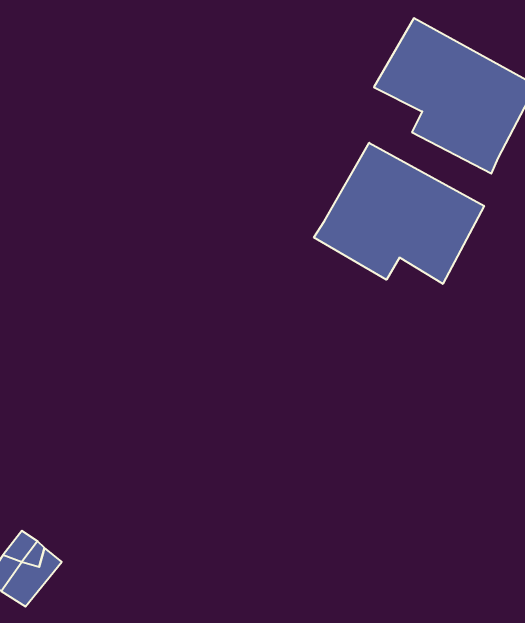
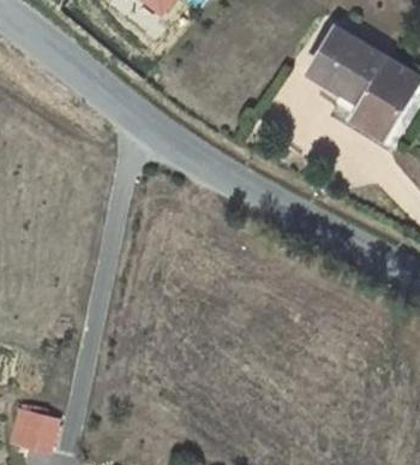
building: [314,143,484,284] -> none

